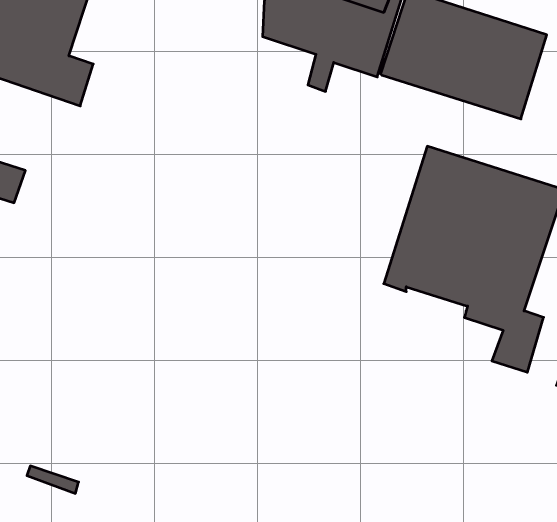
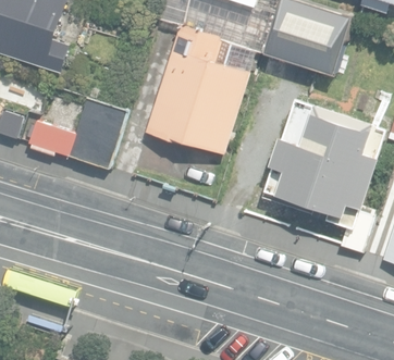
building: none -> [146,26,249,154]
building: none -> [27,97,126,169]

